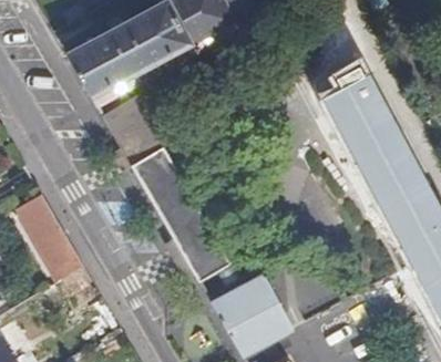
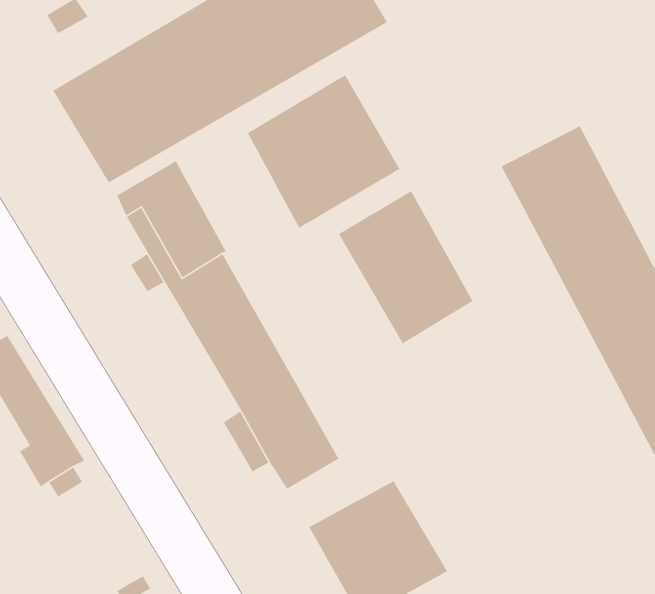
building: none -> [247,74,401,229]
building: none -> [338,190,474,344]

